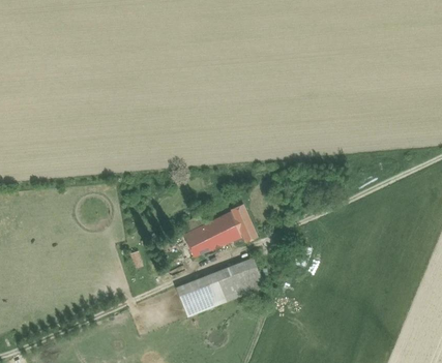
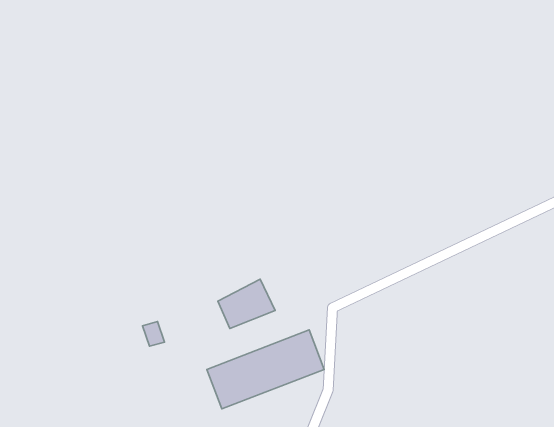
building: [216,204,259,242] -> none

